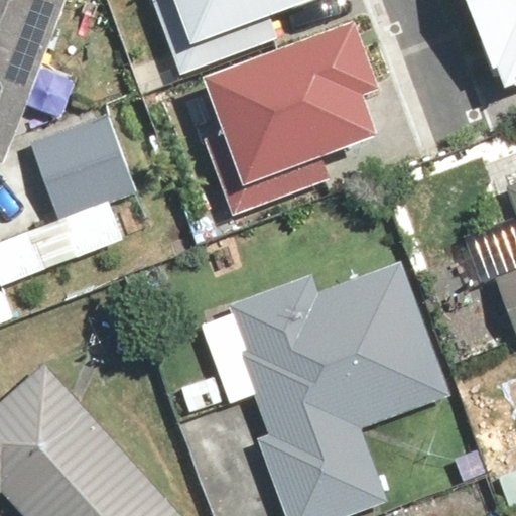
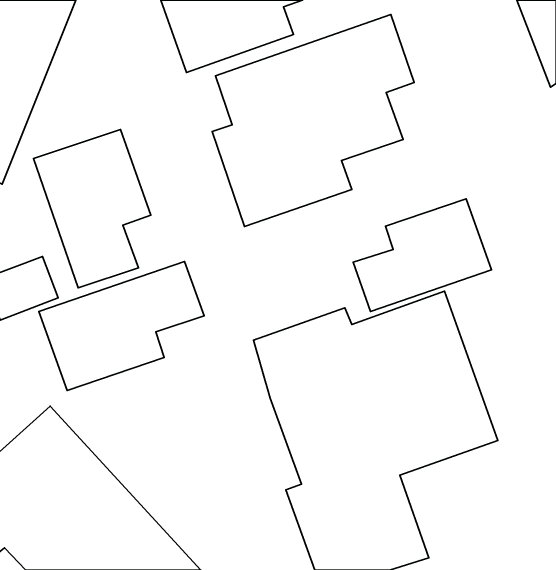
building: none -> [353,199,491,311]
building: none -> [39,261,204,390]

